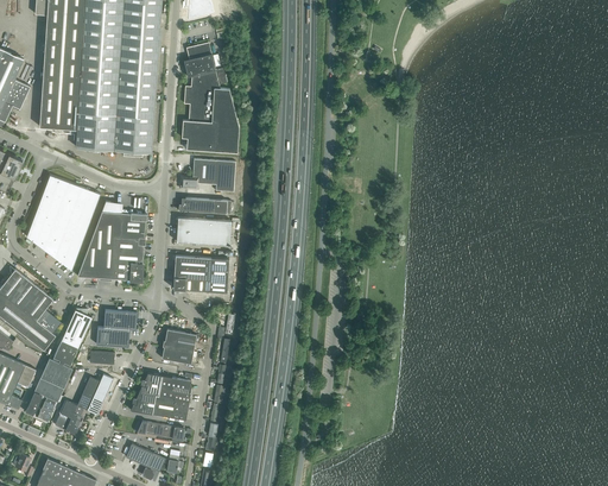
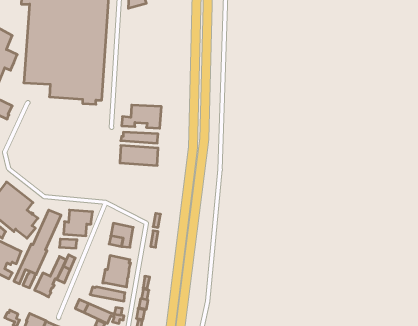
building: [182,43,239,153] -> none
building: [26,175,101,271] -> none
building: [77,200,147,283] -> none
building: [172,255,229,292] -> none
building: [131,373,163,415] -> none

